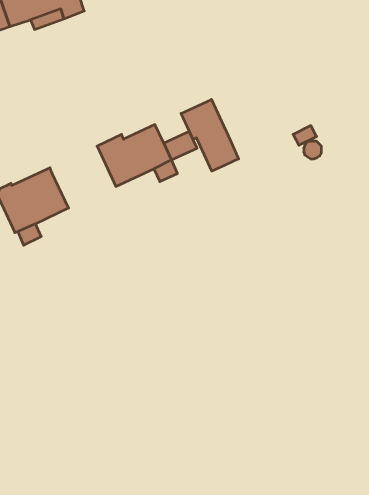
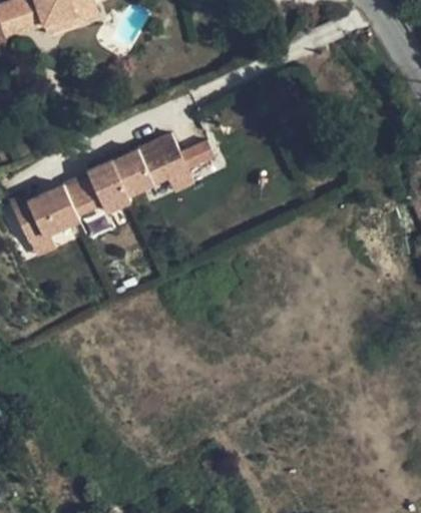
building: [181,99,239,171] -> none
building: none -> [67,154,134,217]

